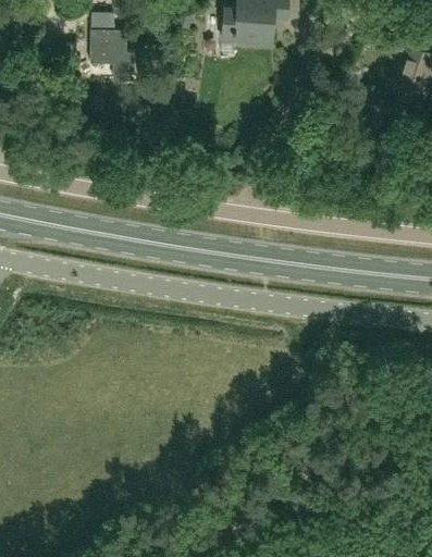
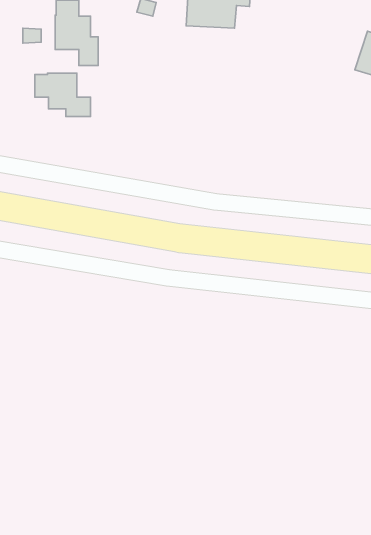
building: none -> [35,73,91,117]

